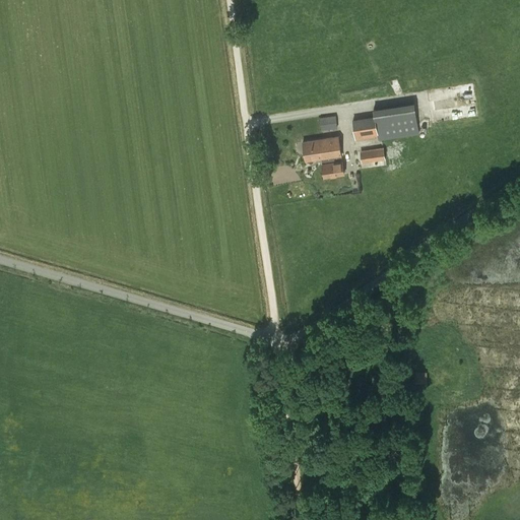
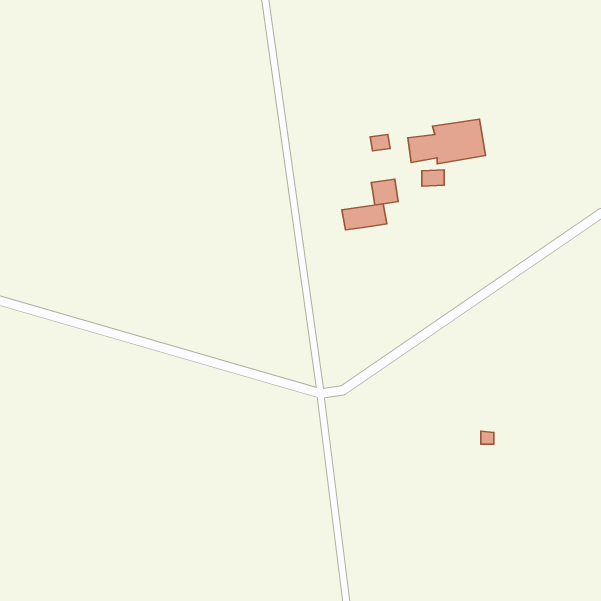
building: [302,138,340,160] -> [342,204,387,230]

